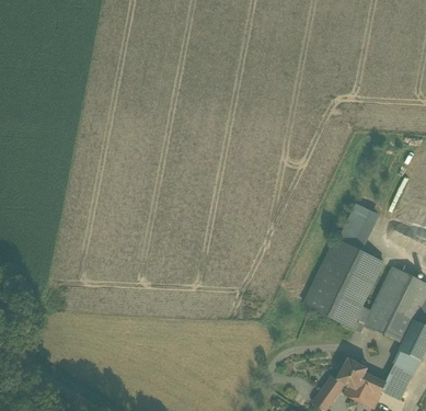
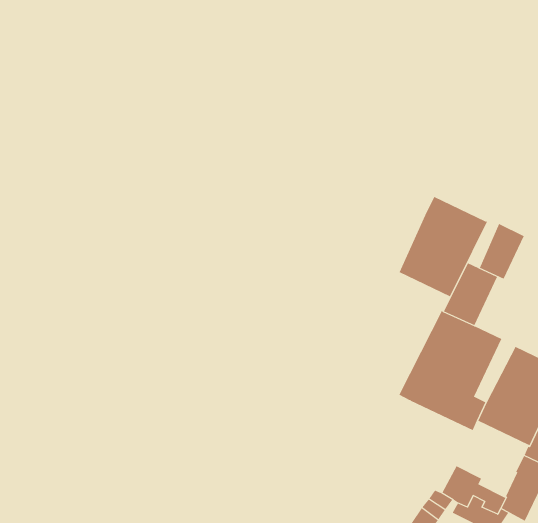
building: none -> [399,196,488,297]
building: none -> [479,223,525,280]

